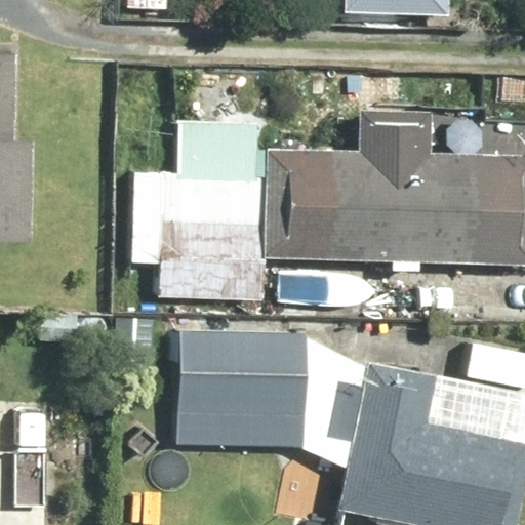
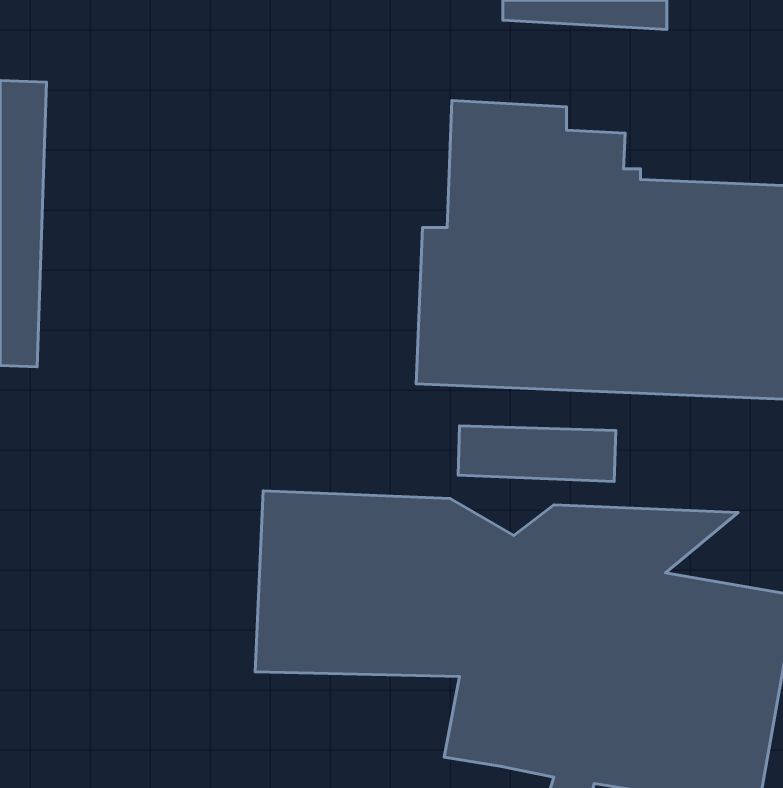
building: [130,123,272,300] -> none

